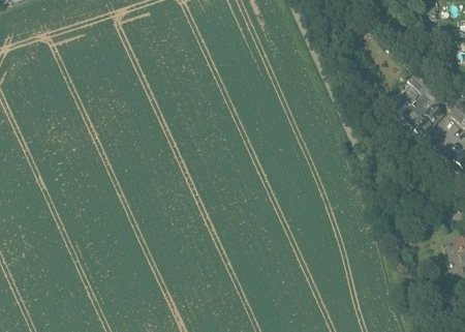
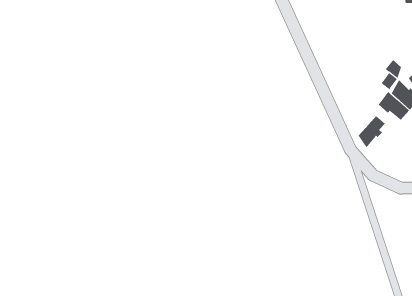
building: none -> [358,115,386,148]

